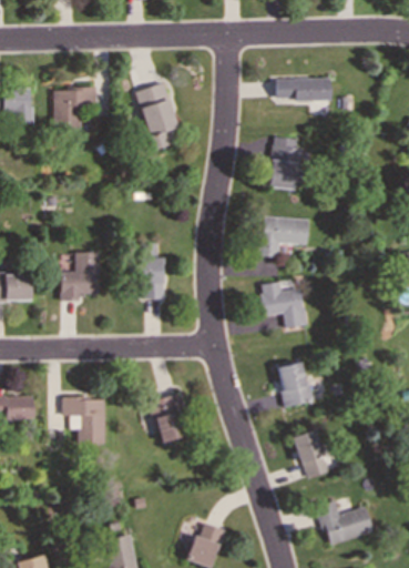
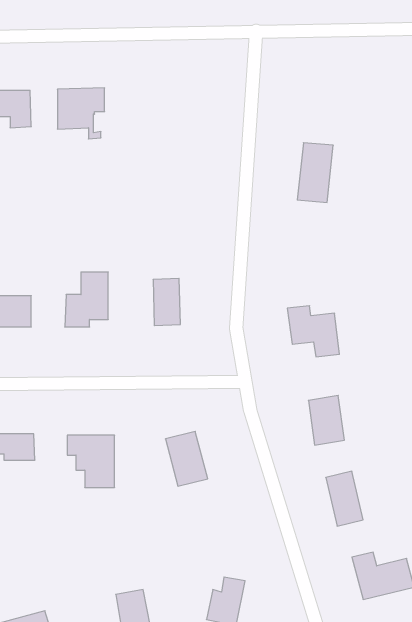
building: [275,78,330,101] -> none
building: [135,82,181,150] -> none
building: [260,216,308,257] -> none

